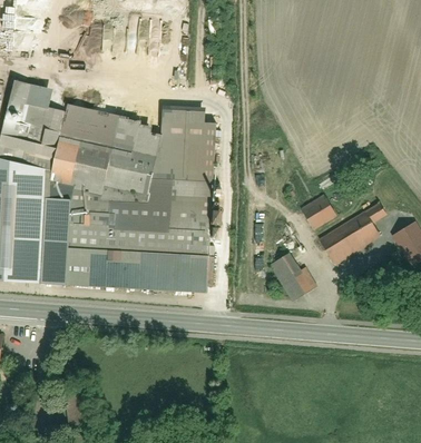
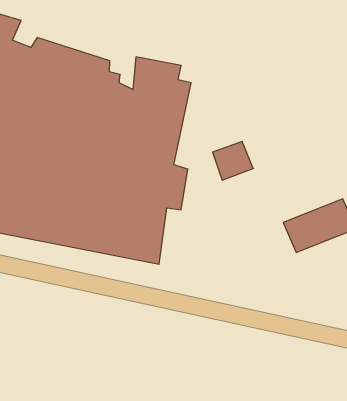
building: [297,193,336,230] -> [213,141,253,180]
building: [266,252,312,302] -> none

